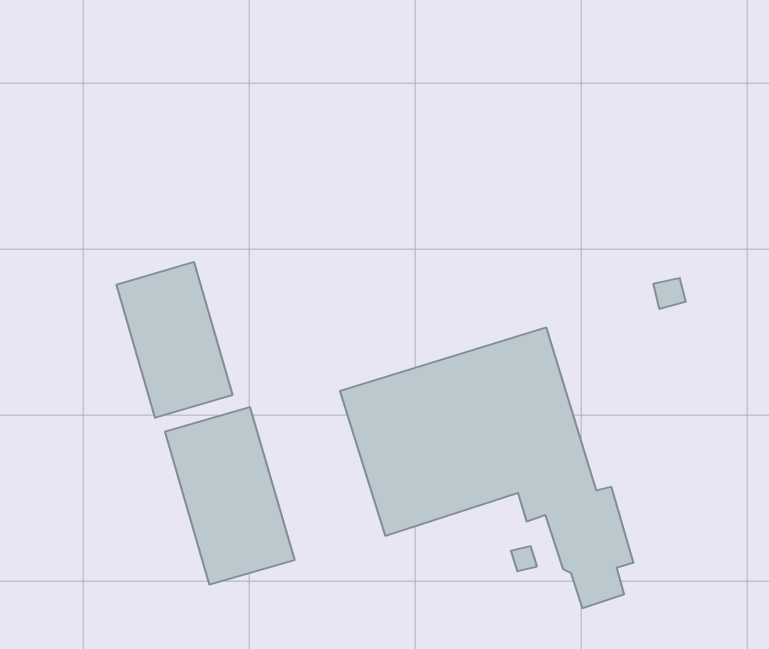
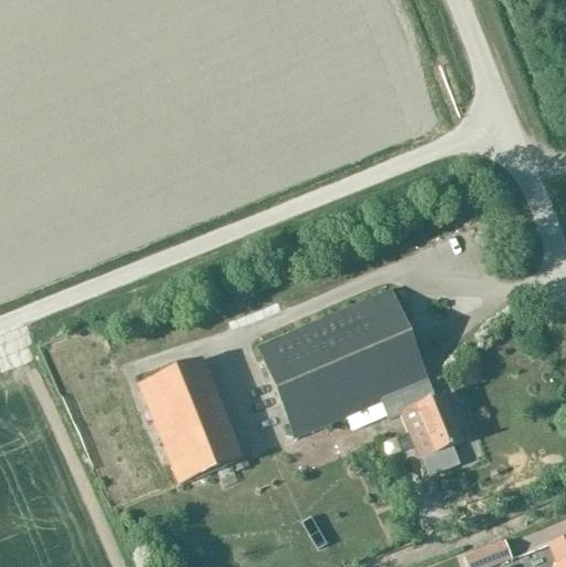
building: [116,262,232,418] -> none

